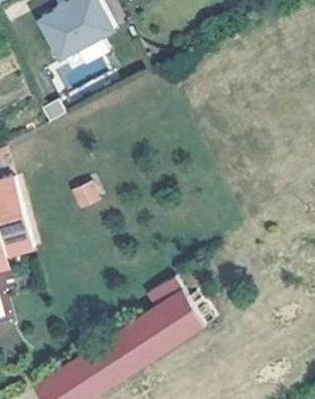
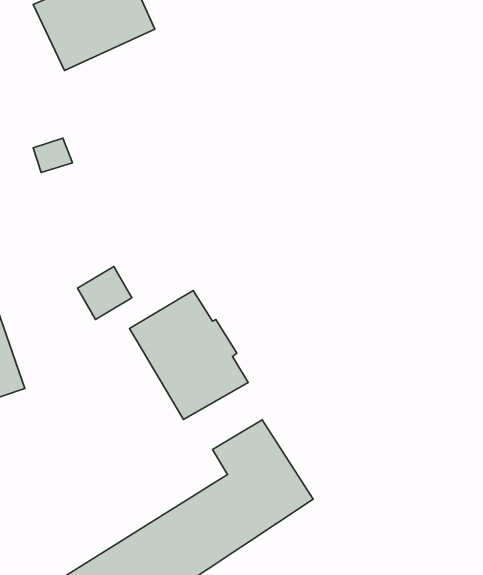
building: none -> [130,291,248,419]

